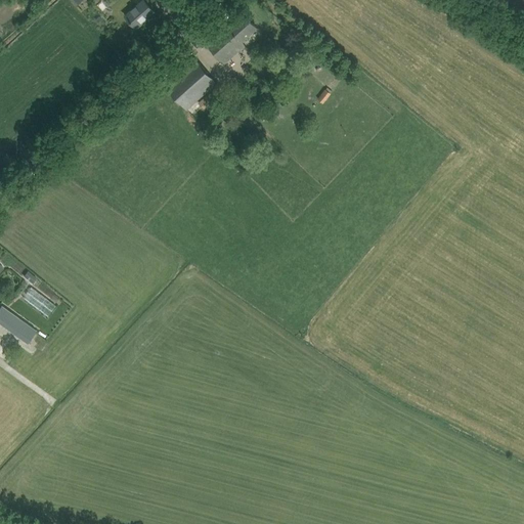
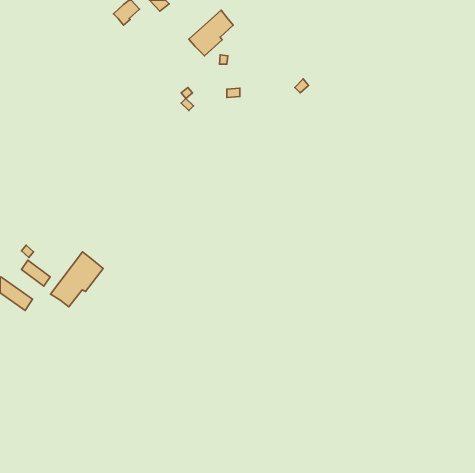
building: [163,57,217,111] -> none
building: none -> [51,252,103,307]

